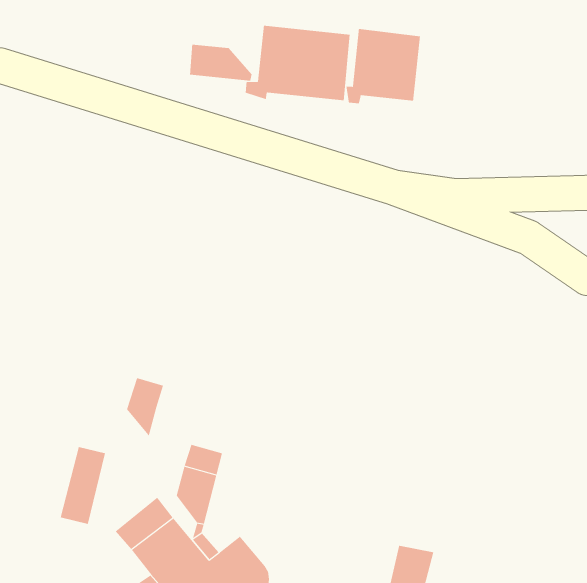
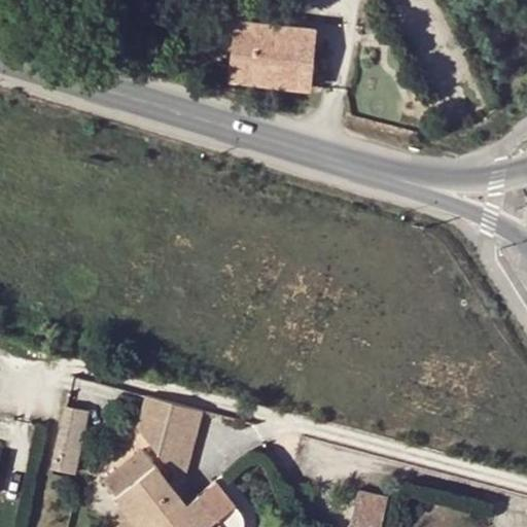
building: [346,28,420,104] -> none
building: [189,44,252,81] -> none
building: [126,377,164,437] -> [137,394,171,448]

